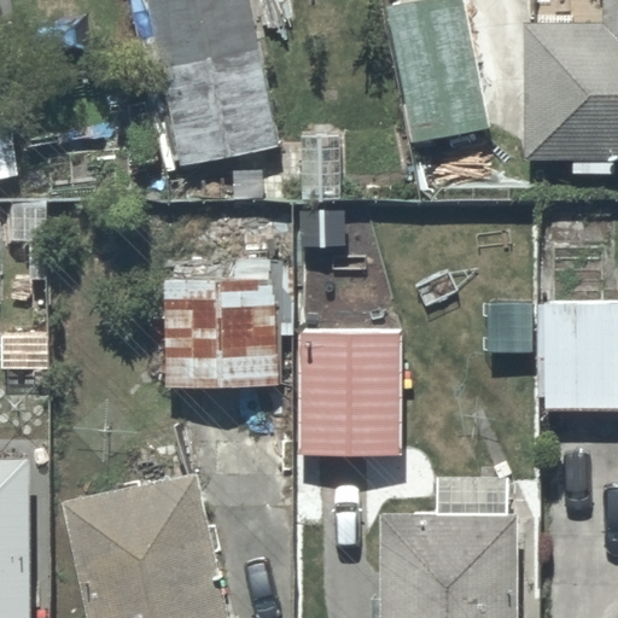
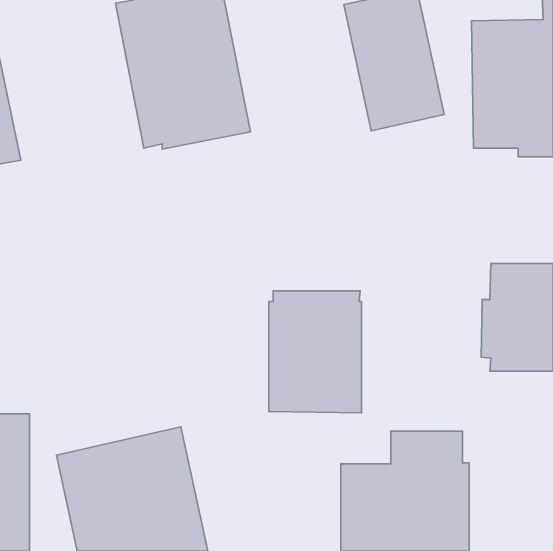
building: [164,239,295,389] -> none

